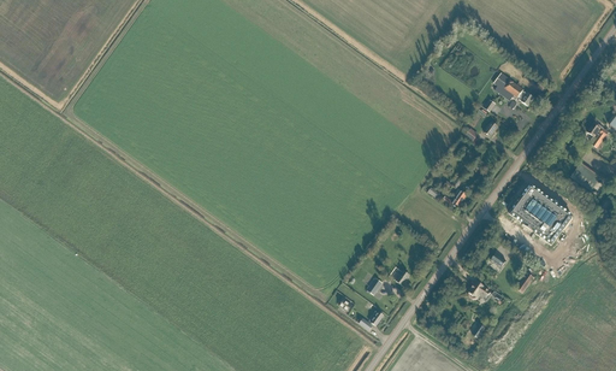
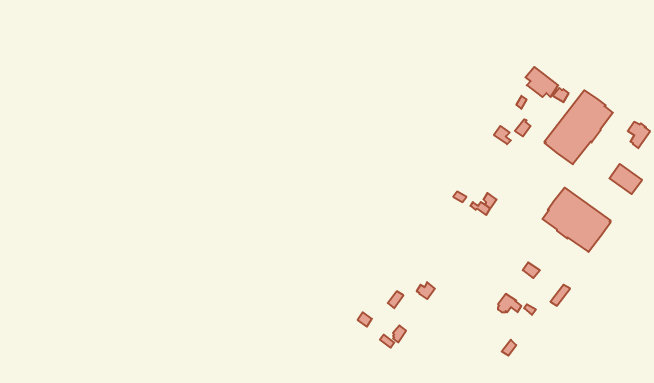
building: none -> [544,90,613,164]

